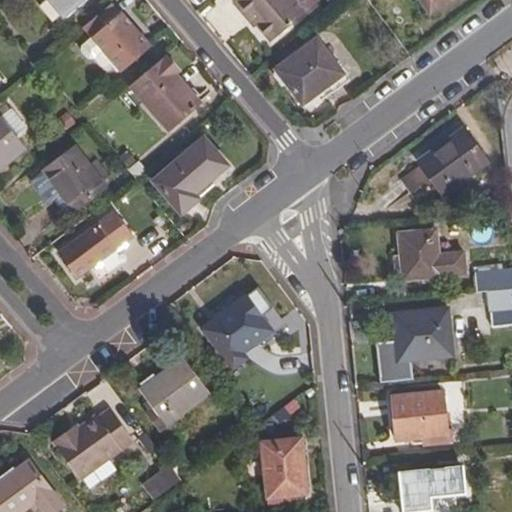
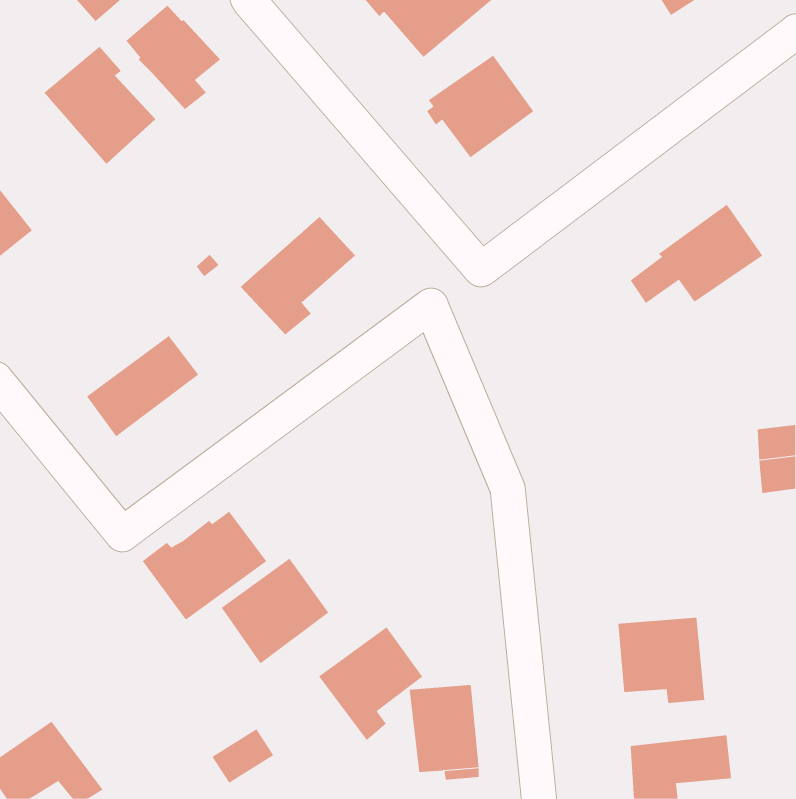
building: [127,54,199,130] -> [43,46,156,165]
building: [40,147,101,210] -> none
building: [402,231,466,281] -> none
building: [203,294,270,367] -> [318,627,423,741]
building: [377,309,453,385] -> none
building: [54,408,134,478] -> [142,511,267,621]

